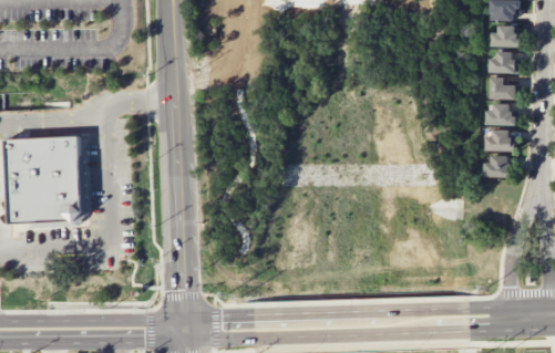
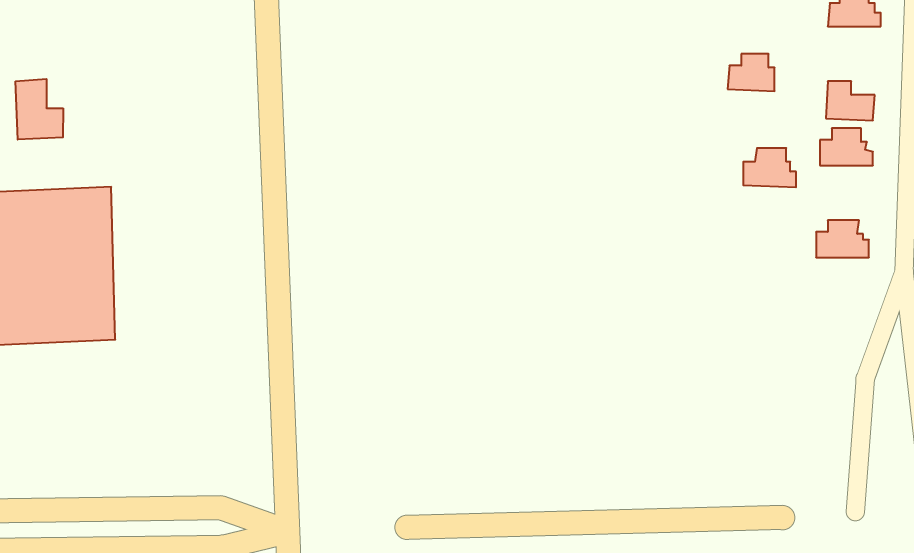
building: [486,51,513,72] -> [728,54,775,91]
building: none -> [16,79,63,140]
building: [483,128,513,150] -> [743,148,796,187]

